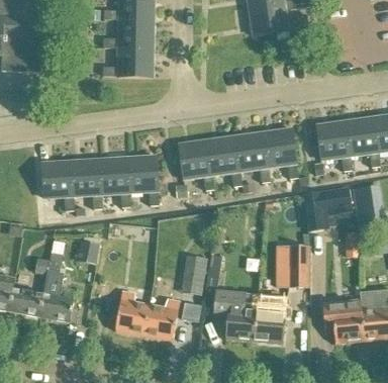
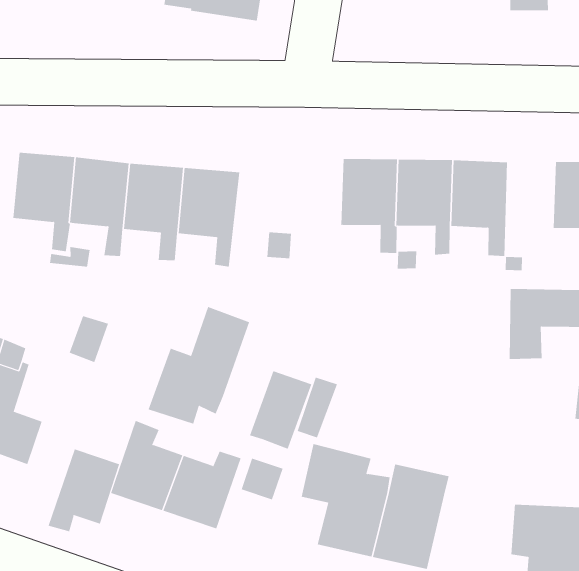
building: [179,140,214,190] -> none
building: none -> [148,306,250,424]
building: [289,246,309,287] -> none
building: none -> [48,448,120,532]

